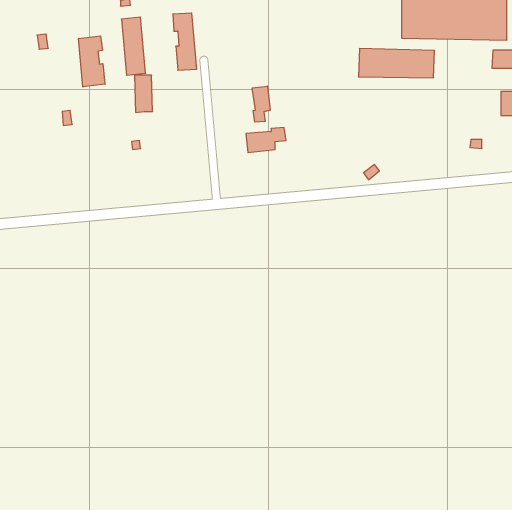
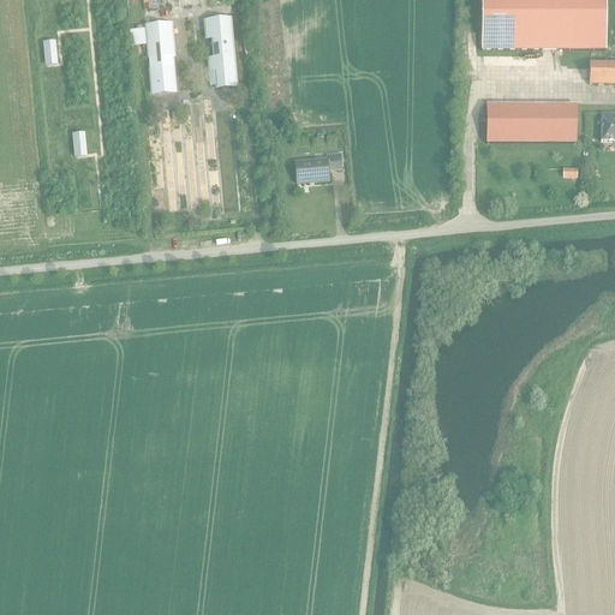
building: [79,36,105,87] -> none
building: [358,49,435,78] -> [485,101,577,136]
building: [252,86,270,122] -> none

